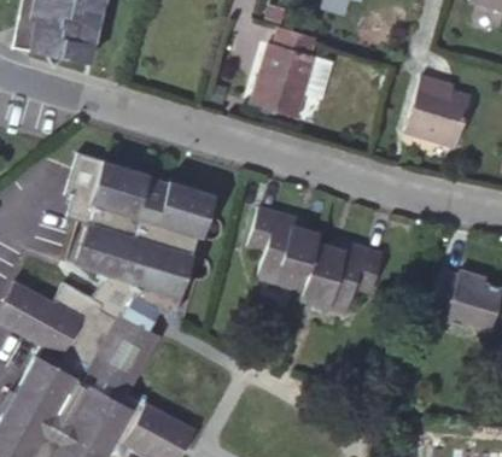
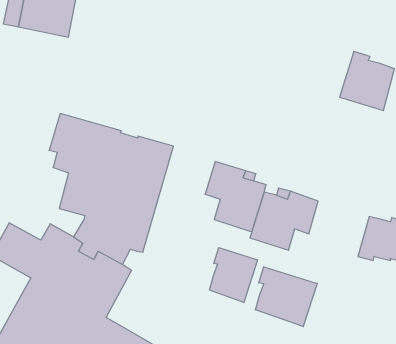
building: [251,29,316,121] -> none
building: none -> [210,248,258,303]
building: none -> [256,267,317,327]

